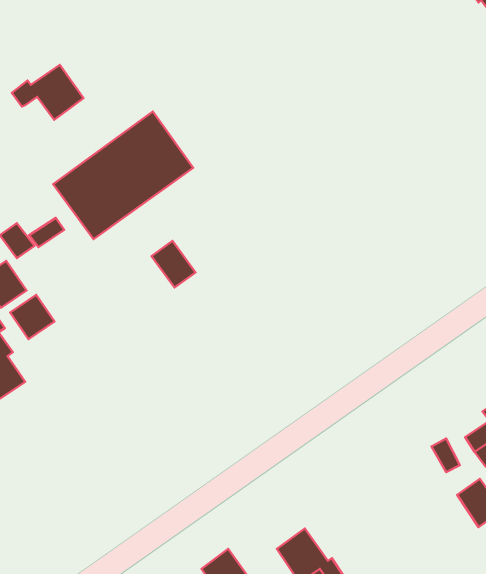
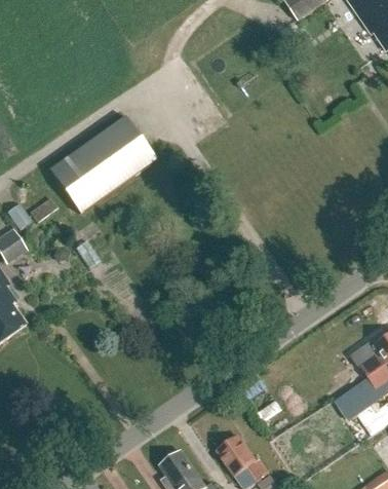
building: [12,65,83,120] -> none
building: [151,241,195,288] -> none
building: [10,295,55,339] -> none

